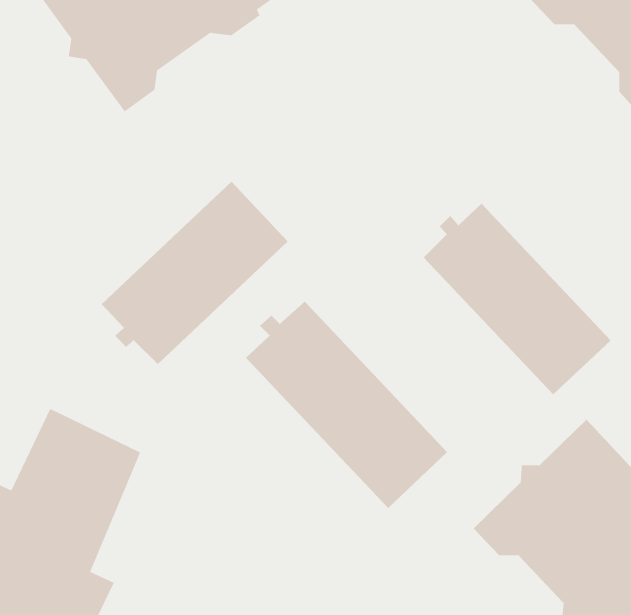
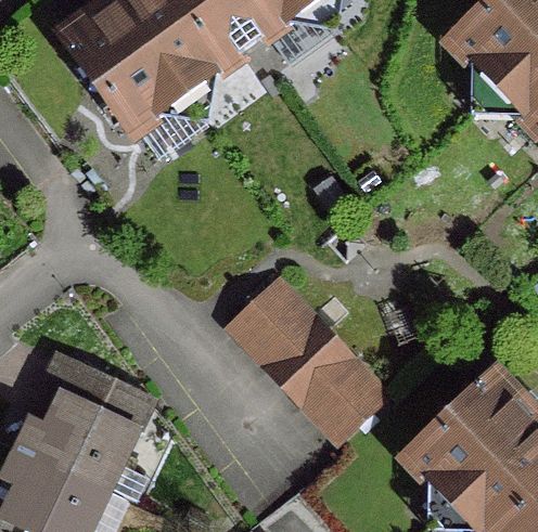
building: [101,181,288,365] -> none
building: [423,203,612,395] -> none

